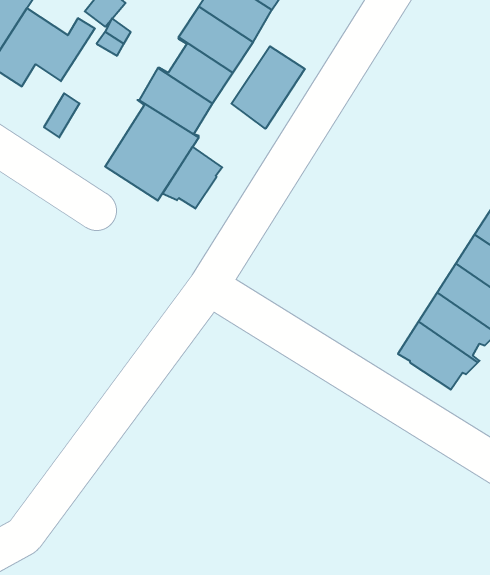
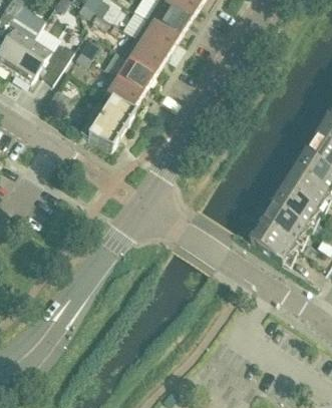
building: [231,46,305,129] -> none
building: [162,147,222,209] -> none

